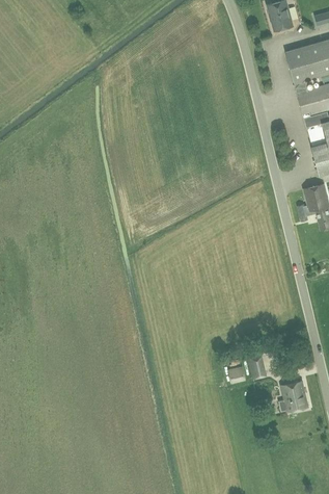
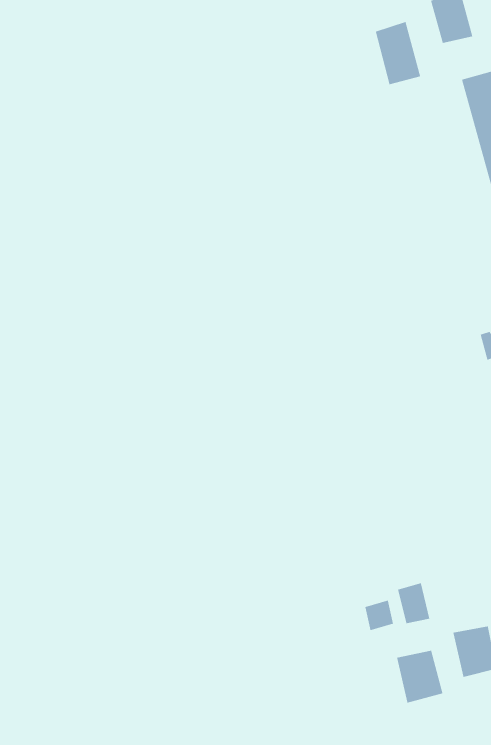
building: none -> [375,21,421,85]
building: none -> [397,650,443,704]

